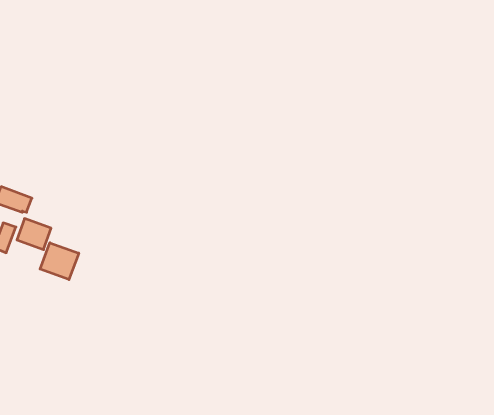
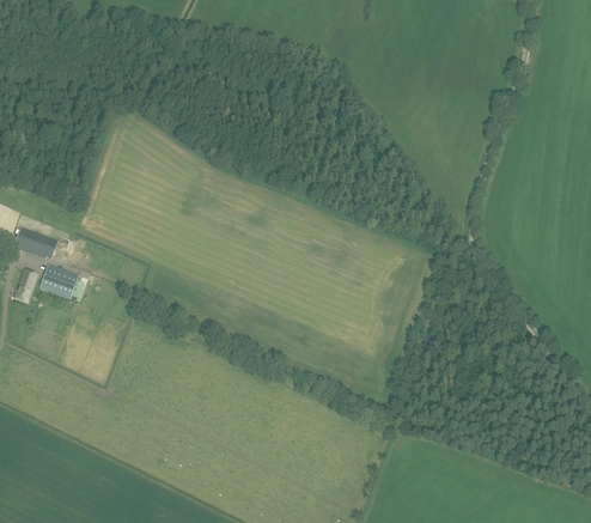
building: [40,243,79,280] -> none

